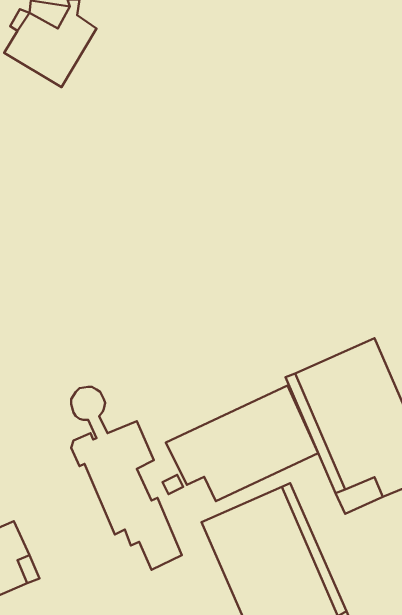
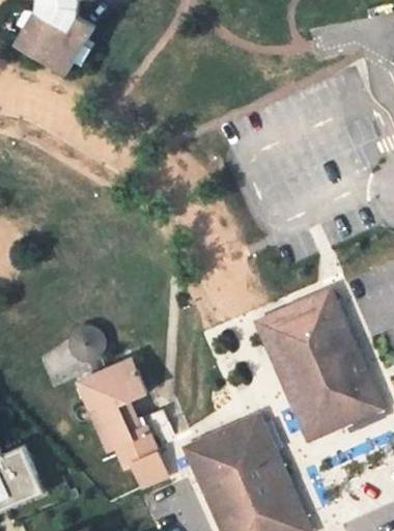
building: [166,386,318,501] -> none

